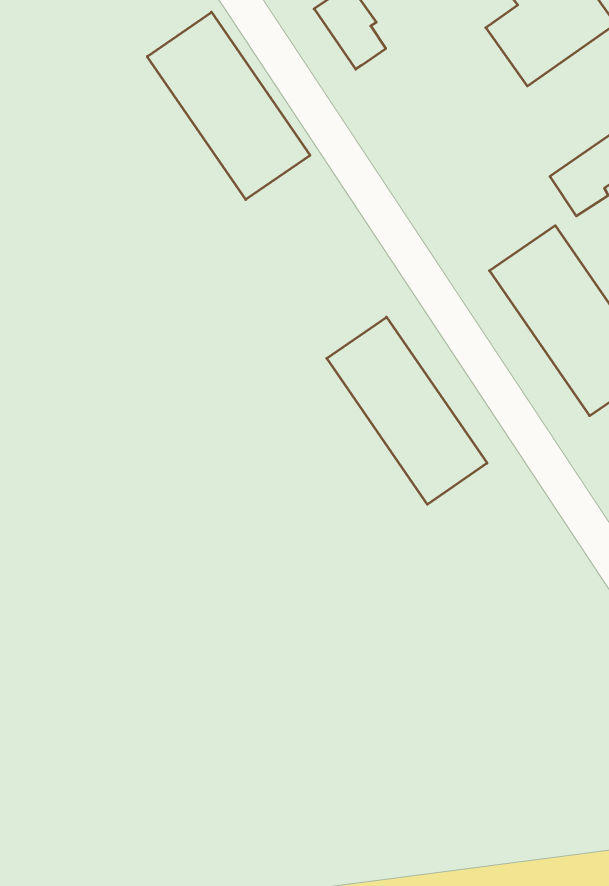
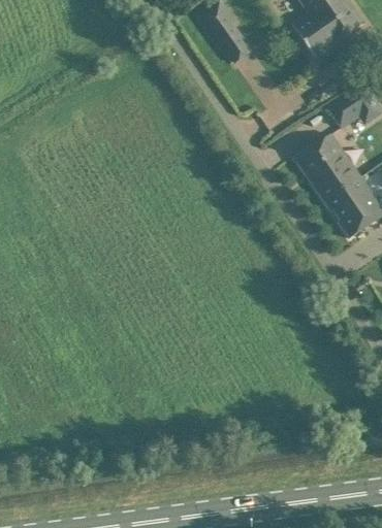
building: [147,12,310,200] -> none
building: [327,317,487,504] -> none

